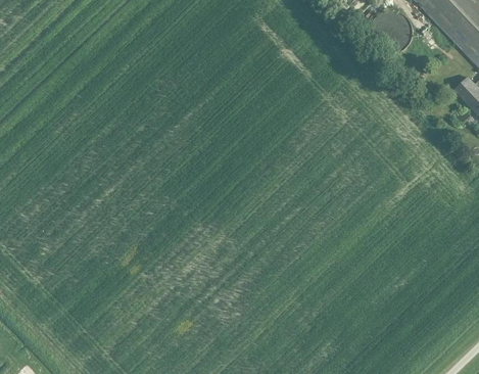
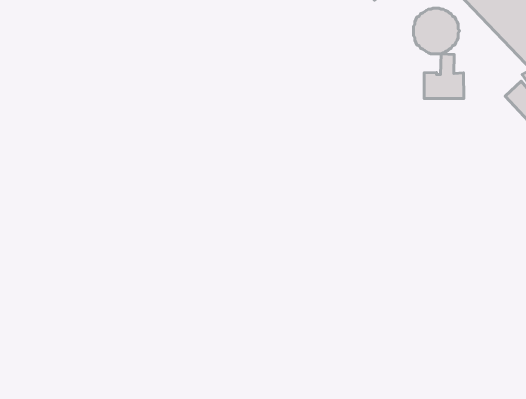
building: none -> [424,54,464,98]

